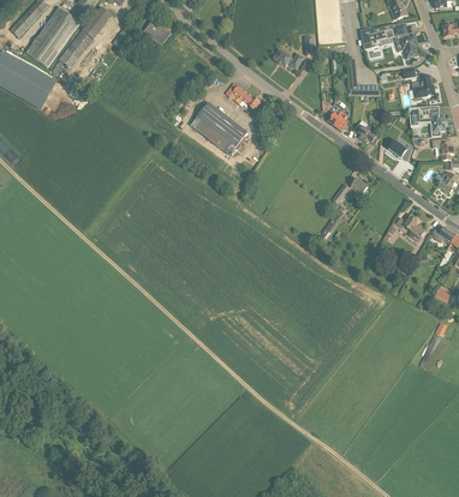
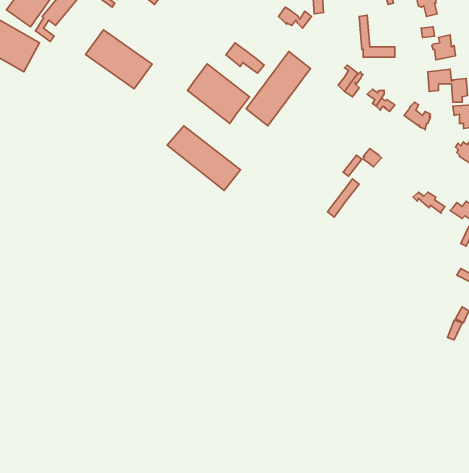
building: none -> [86,30,152,89]
building: none -> [246,52,311,126]
building: none -> [167,126,241,191]

